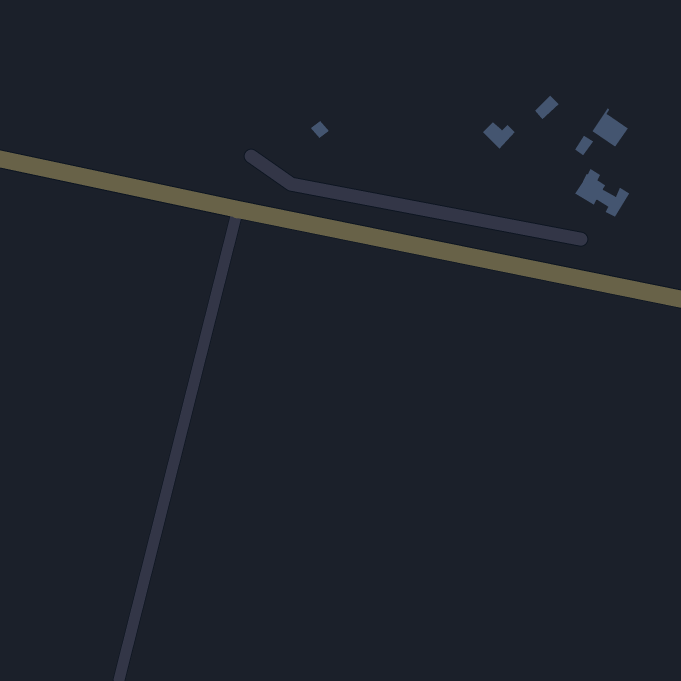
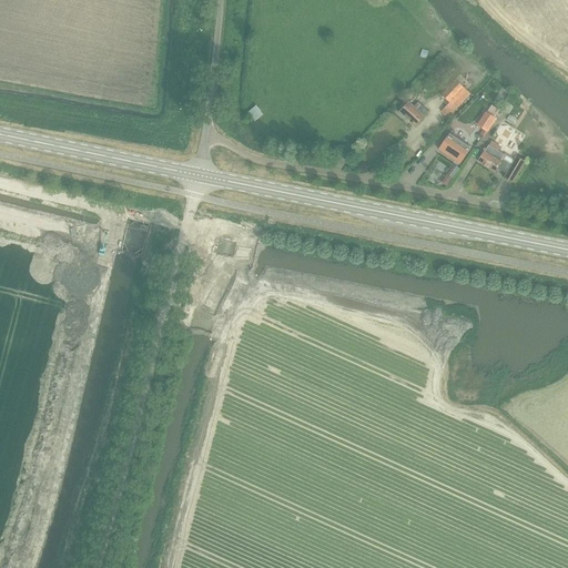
building: [591,107,629,147] -> [439,129,470,162]

